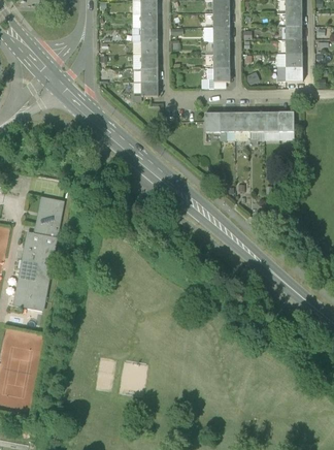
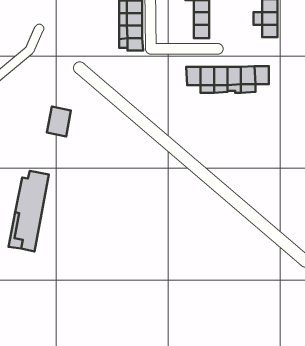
building: [36,196,62,228] -> [47,107,71,136]

